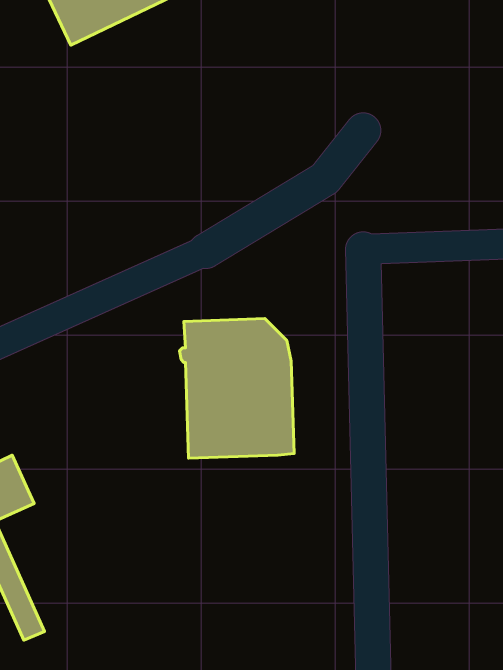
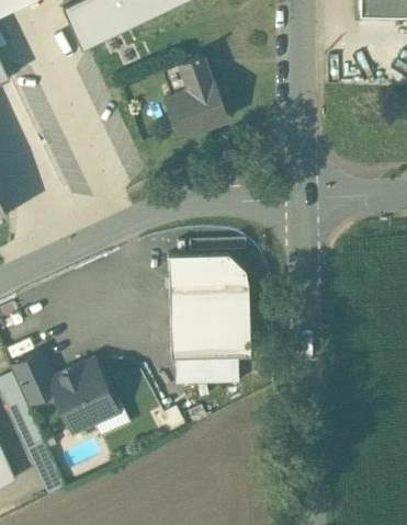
building: none -> [163,58,227,137]
building: none -> [176,355,238,384]
building: none -> [50,362,115,430]

